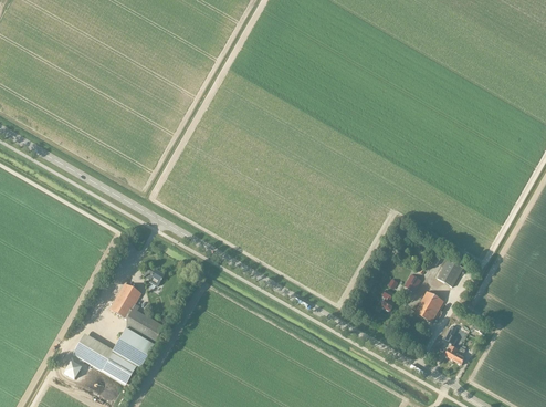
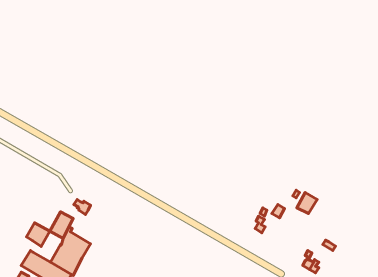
building: [412,292,443,323] -> none
building: none -> [27,223,50,246]

